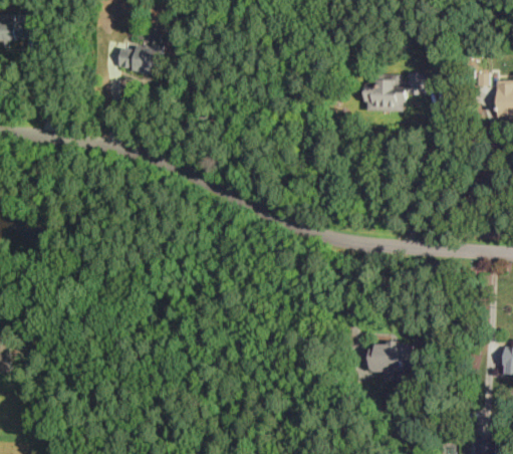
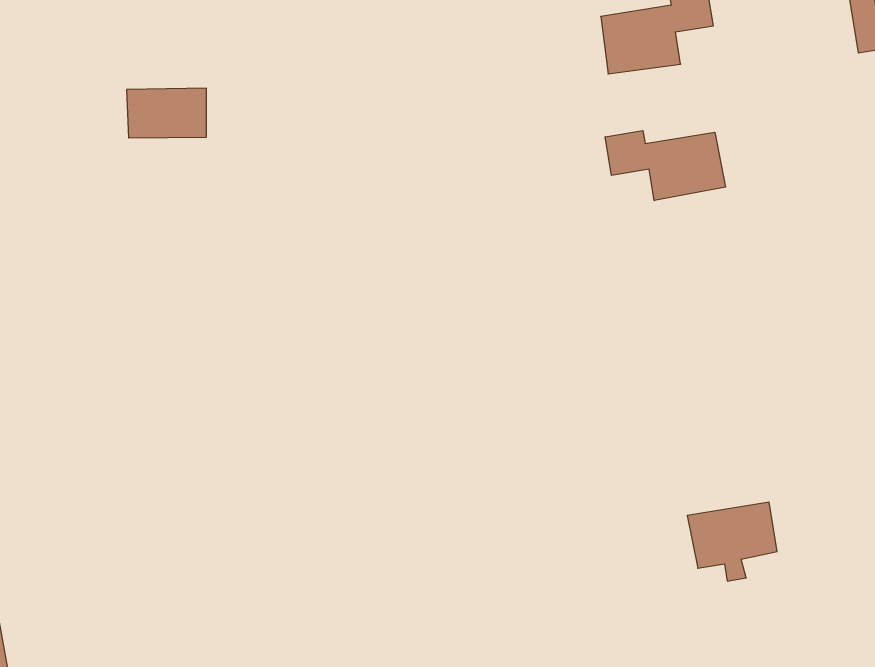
building: [116,42,161,73] -> [127,88,206,138]
building: none -> [605,131,726,201]

